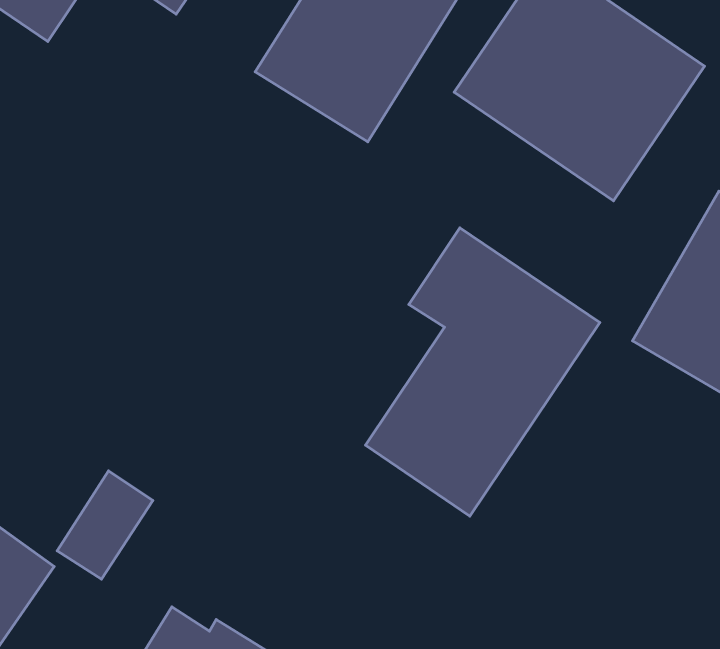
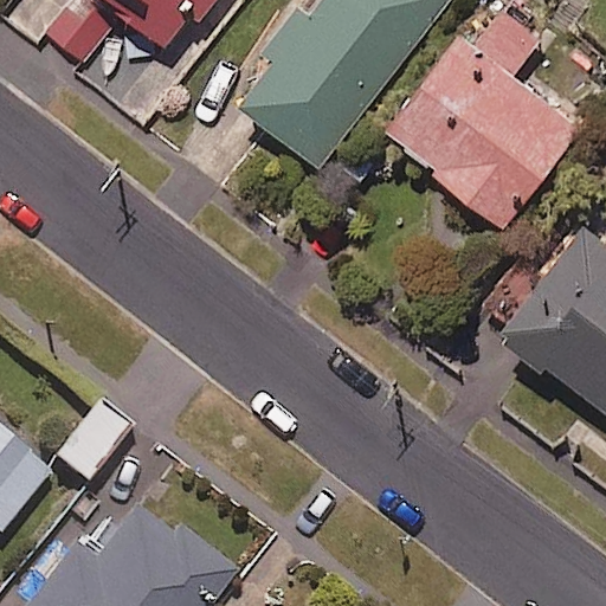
building: [366,228,600,516] -> none

